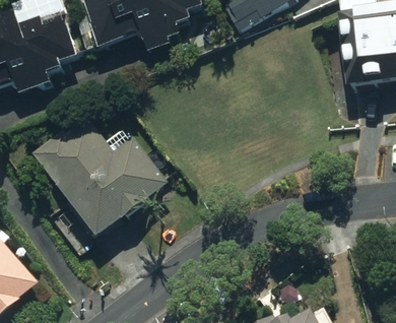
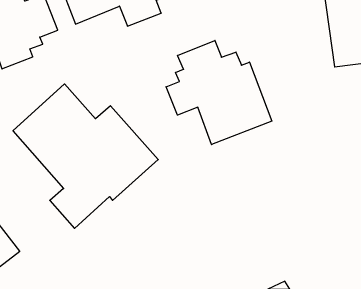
building: none -> [166,40,272,145]

